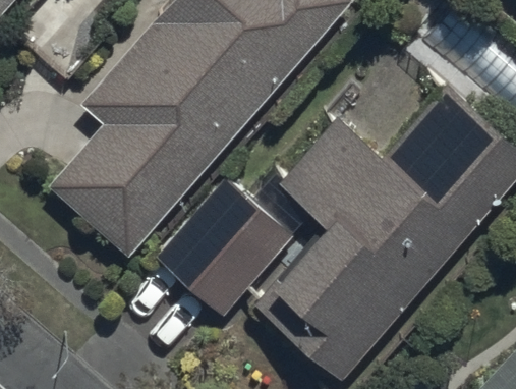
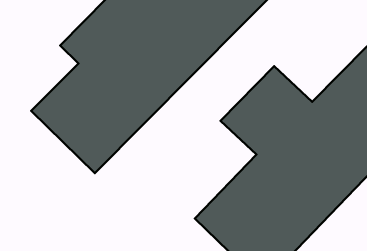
building: [155,179,292,318] -> none

